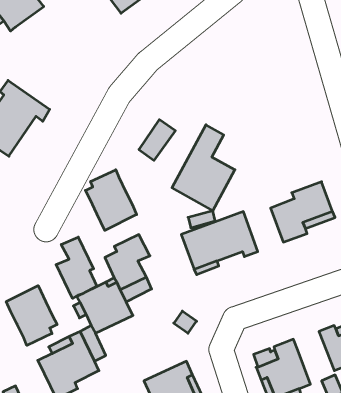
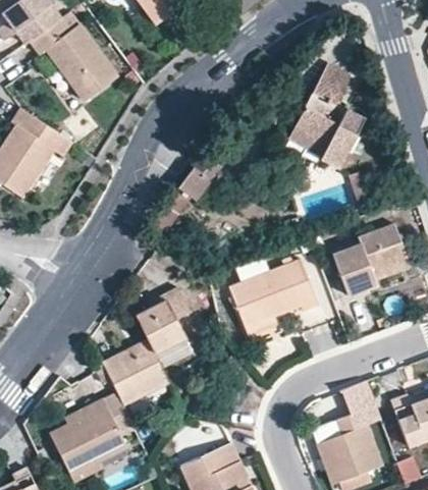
building: none -> [30,16,117,100]
building: [172,125,235,211] -> [287,63,363,166]
building: [85,170,137,230] -> none
building: [56,237,97,298] -> none
building: [6,286,57,345] -> none
building: none -> [340,385,382,428]

